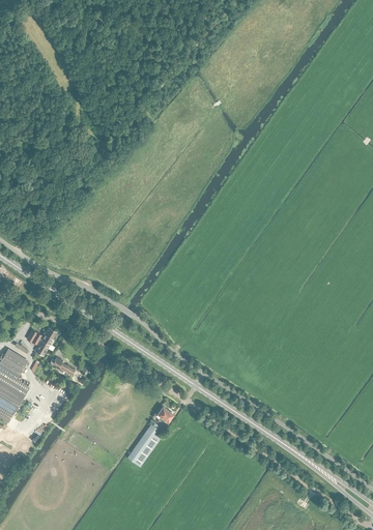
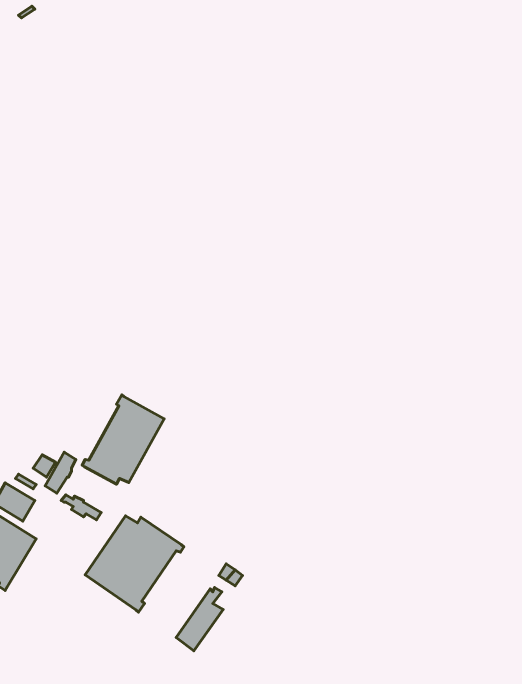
building: none -> [82,395,164,484]
building: none -> [85,516,184,612]

